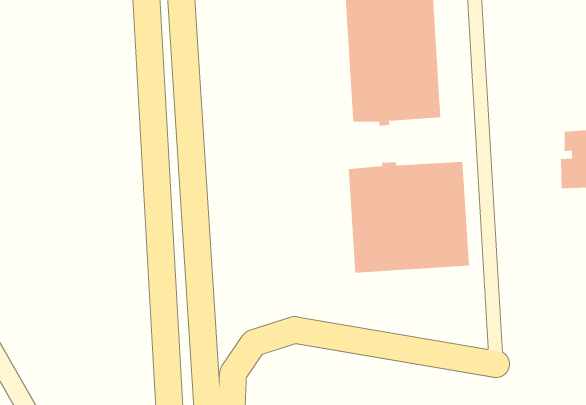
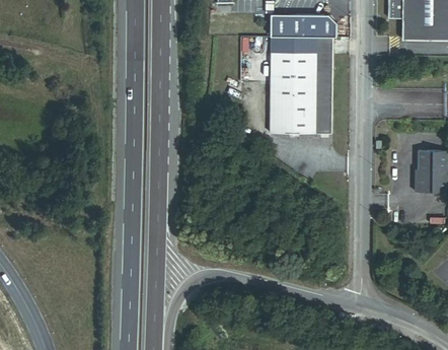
building: [348,161,469,273] -> none

